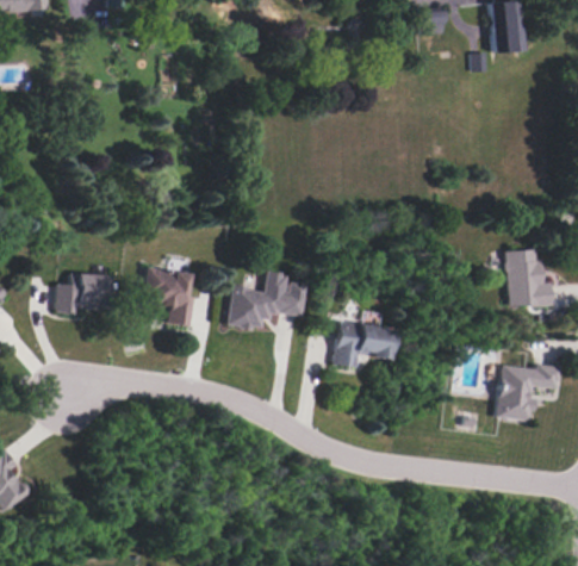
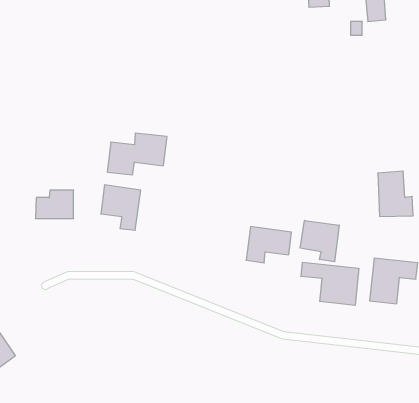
building: [229,275,307,330] -> [107,133,167,175]
building: none -> [300,220,339,262]
building: none -> [301,262,359,305]

